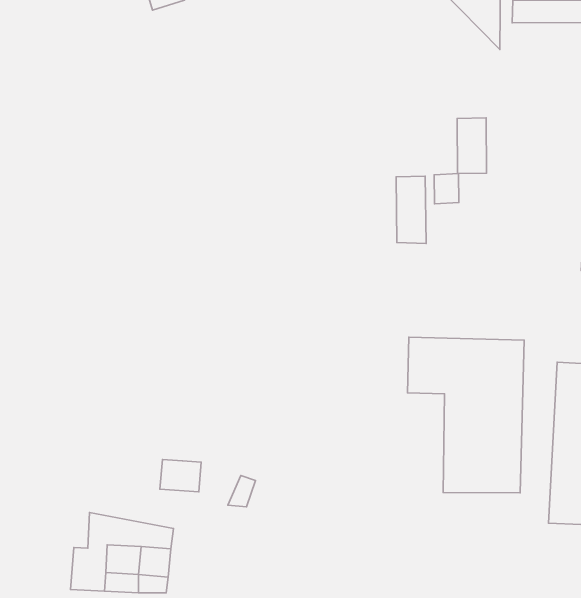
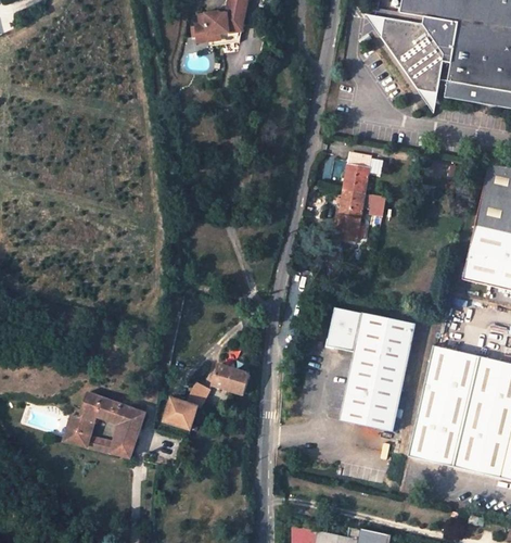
building: [457,118,487,174] -> [345,152,372,194]
building: none -> [214,364,252,392]
building: [160,460,201,492] -> [166,400,199,427]

